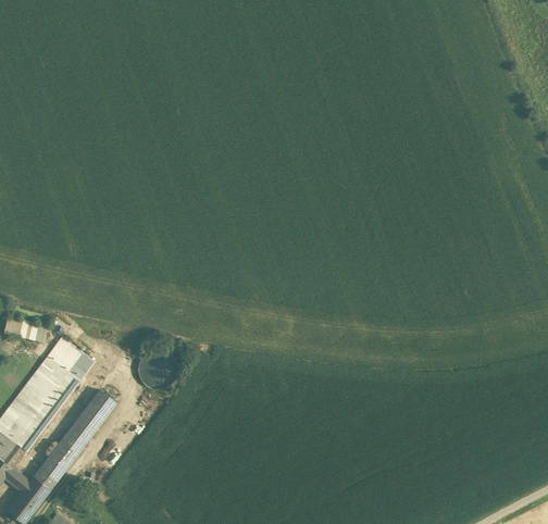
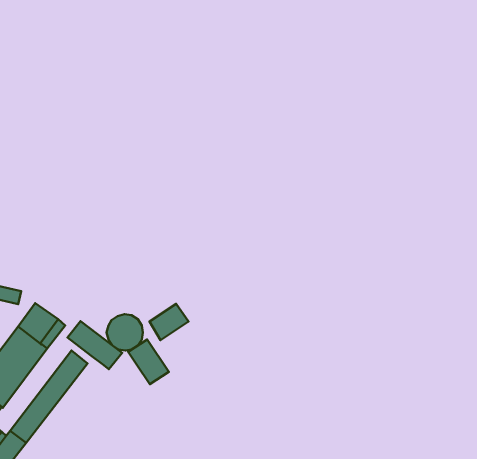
building: none -> [149,304,188,340]
building: none -> [67,321,122,369]
building: none -> [128,340,169,384]

